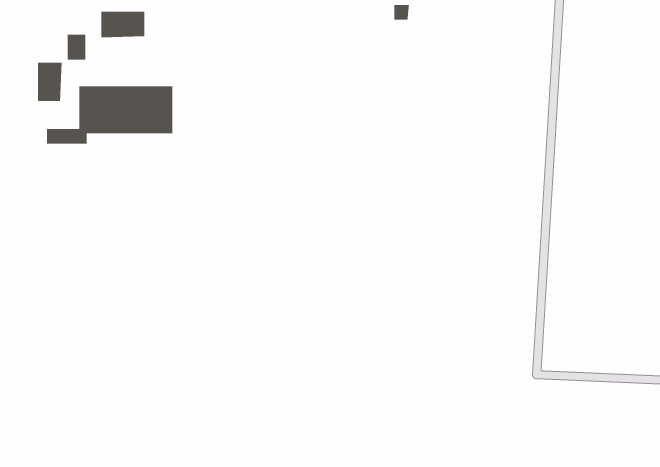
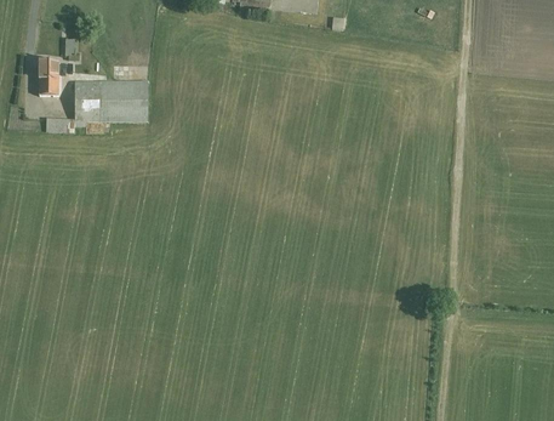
building: [100,11,145,38] -> none

